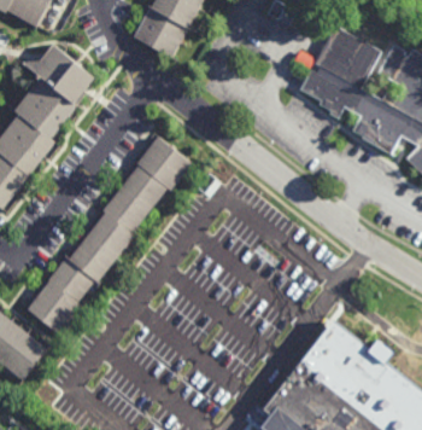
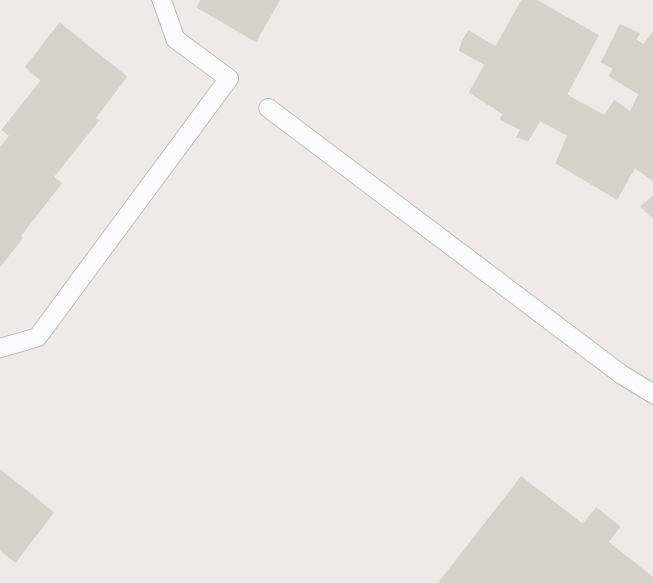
building: [27,135,192,331] -> none

